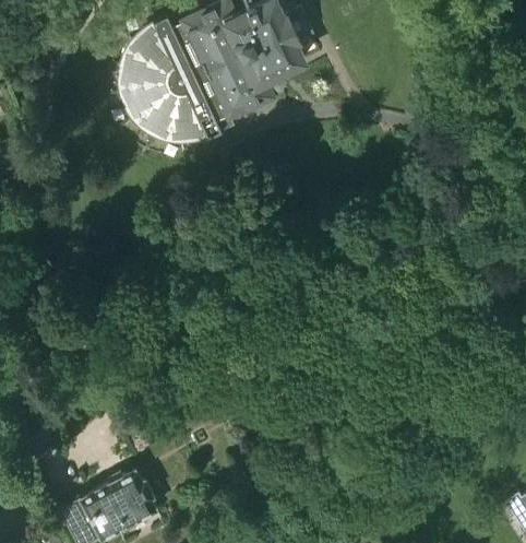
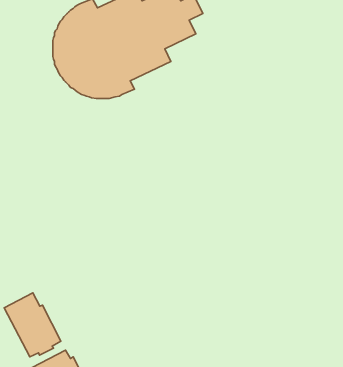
building: none -> [4,293,61,357]

